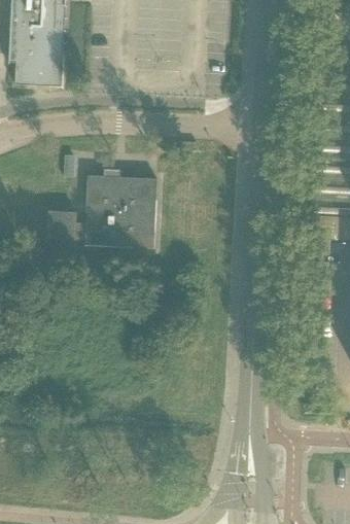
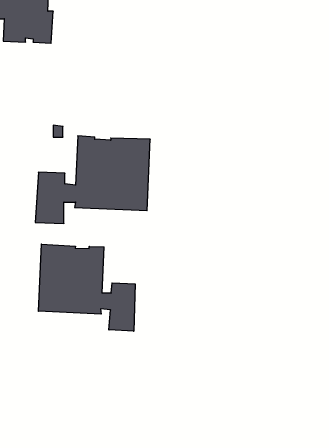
building: none -> [38,244,135,331]

